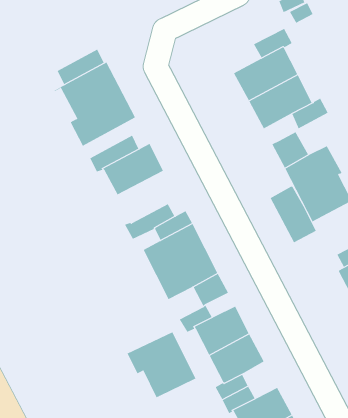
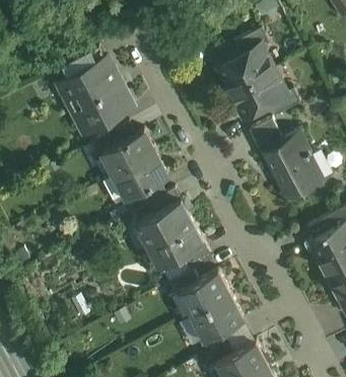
building: none -> [117,156,170,202]
building: [270,186,316,243] -> none
building: [127,331,196,401] -> none

